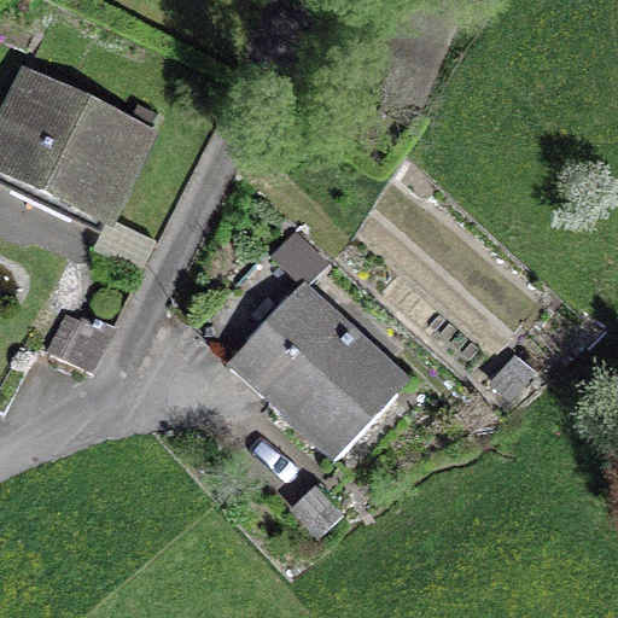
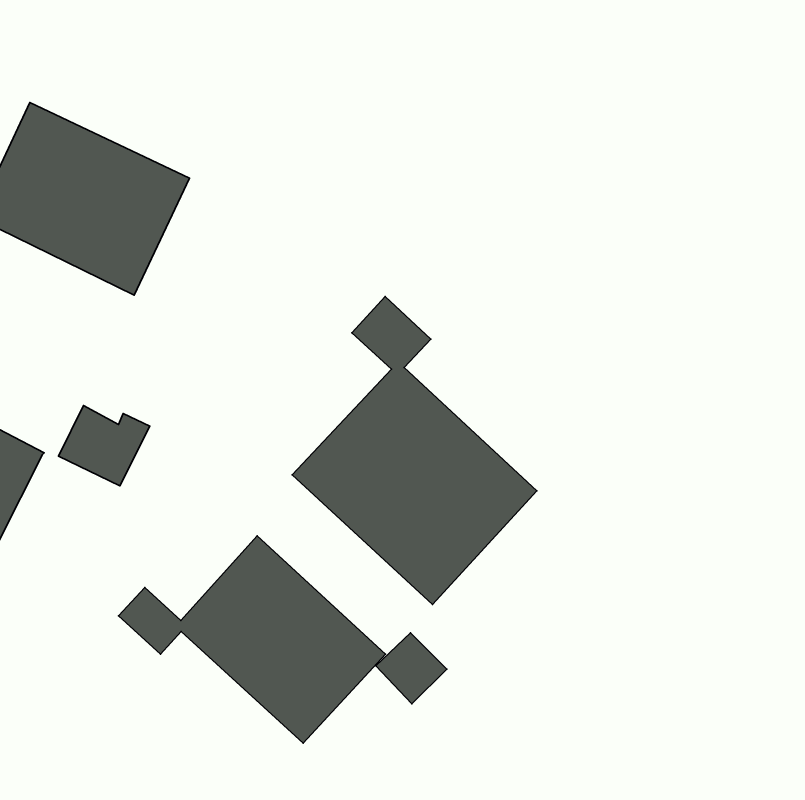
building: none -> [118,536,386,743]

